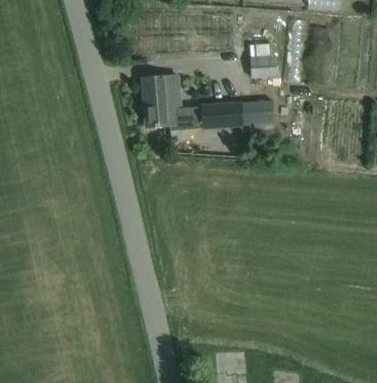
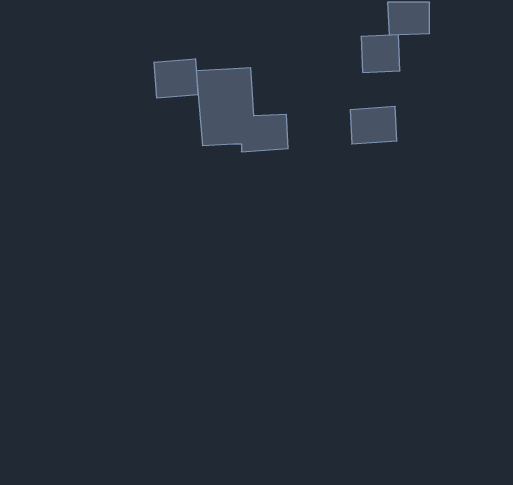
building: none -> [154,59,198,98]
building: [201,103,244,128] -> none

